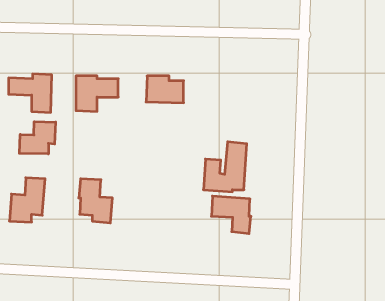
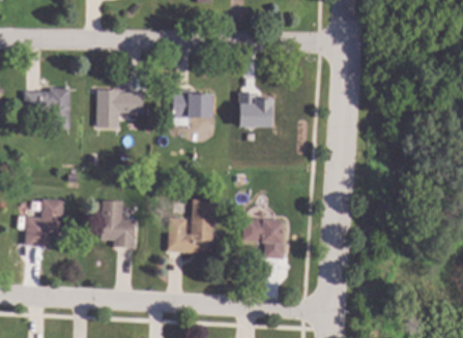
building: none -> [235,95,268,127]
building: [19,122,56,154] -> none
building: [203,142,247,192] -> [168,198,214,252]

